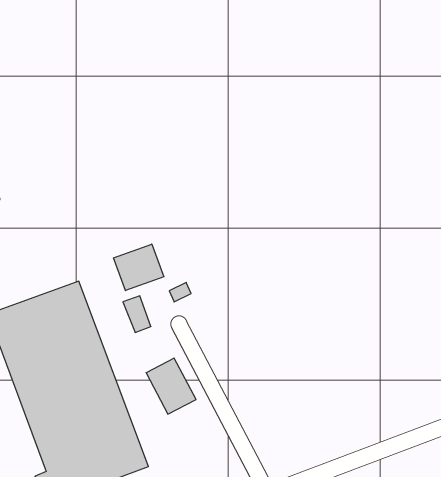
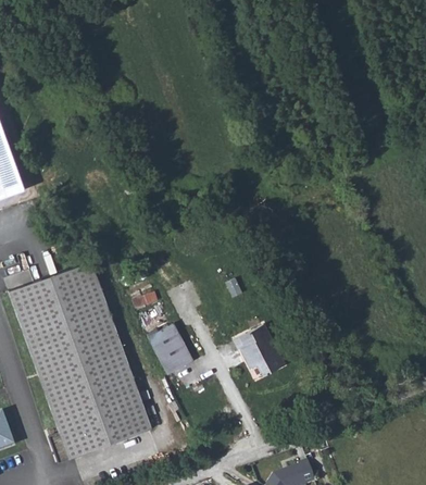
building: [114,244,164,291] -> none
building: none -> [236,328,287,380]

